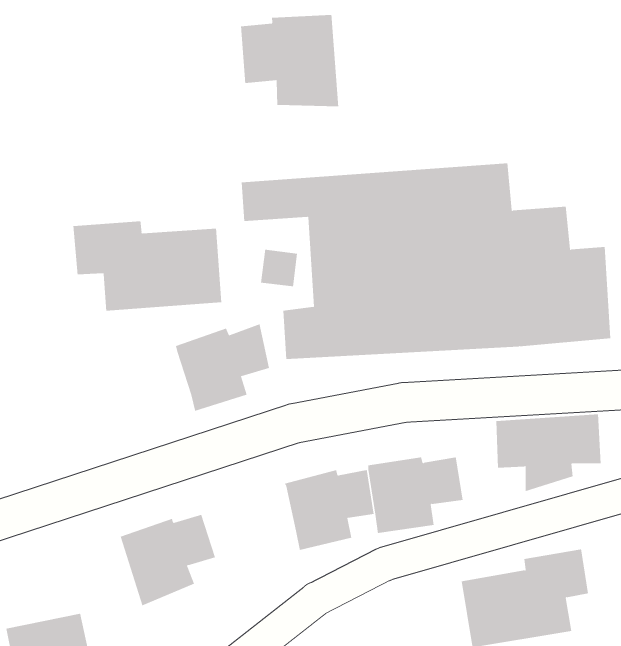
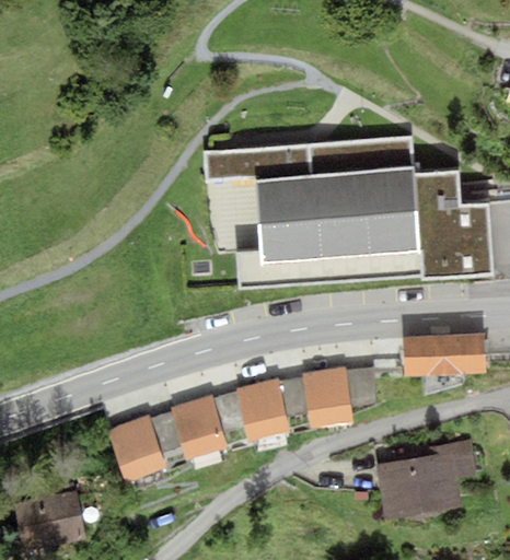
building: [241,14,339,107] -> none
building: [73,220,222,311] -> none
building: [175,324,270,411] -> [171,389,245,458]

